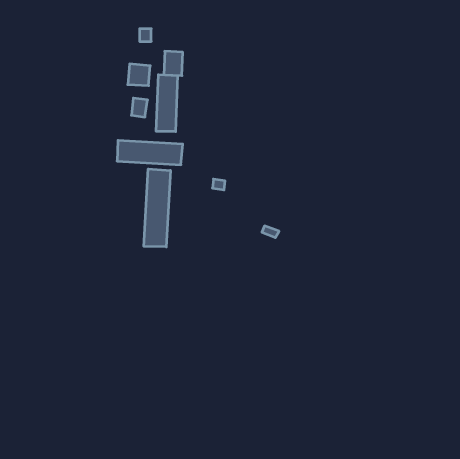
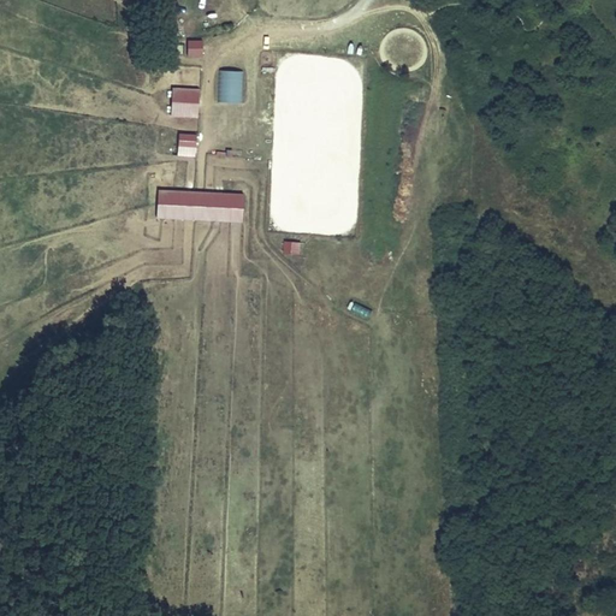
building: [156,75,178,132] -> none
building: [144,169,170,247] -> none

